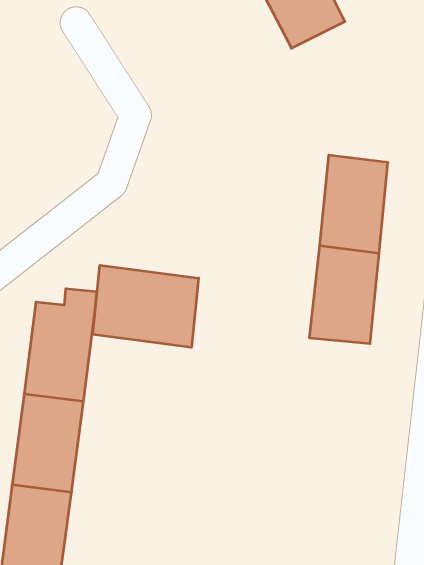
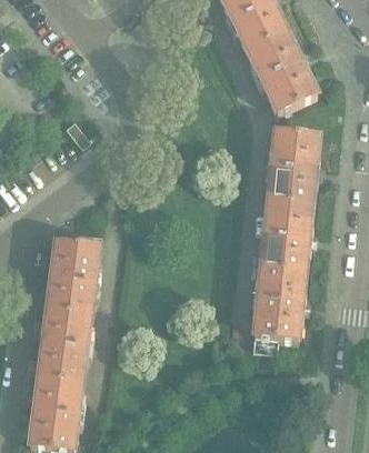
building: none -> [247,30,317,113]
building: [93,265,199,347] -> none
building: none -> [251,266,306,350]

